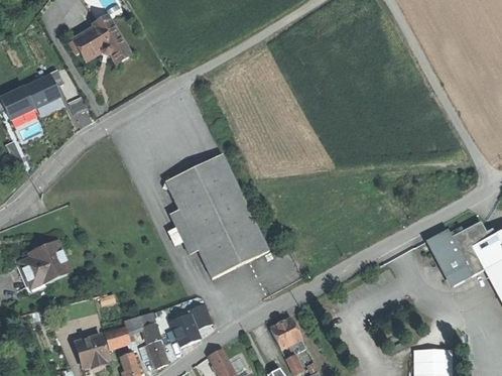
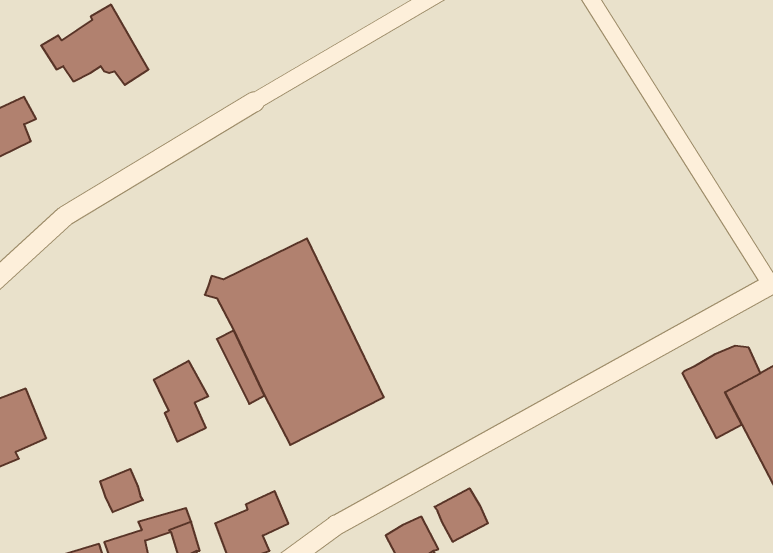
building: [423,225,466,281] -> none
building: none -> [154,361,208,442]
building: none -> [100,469,143,512]
building: none -> [434,488,488,542]

